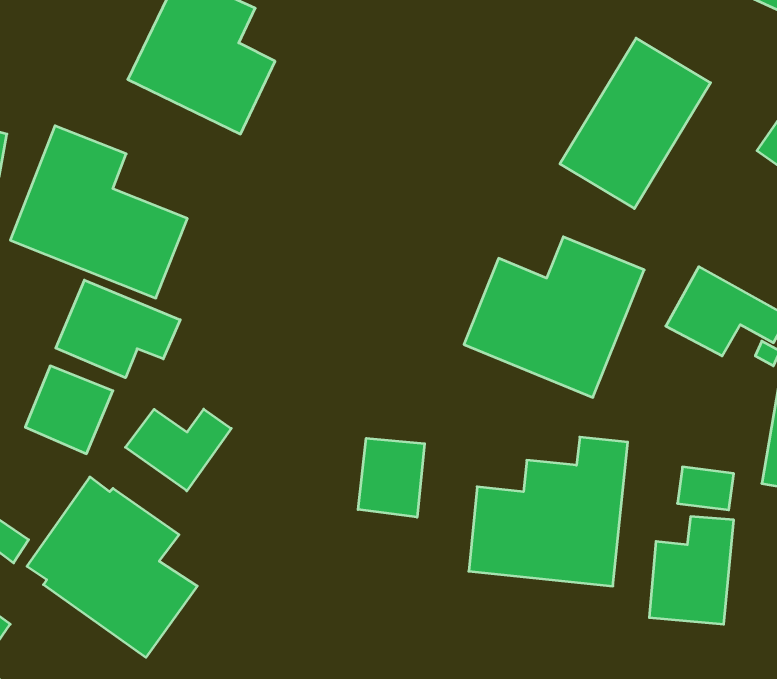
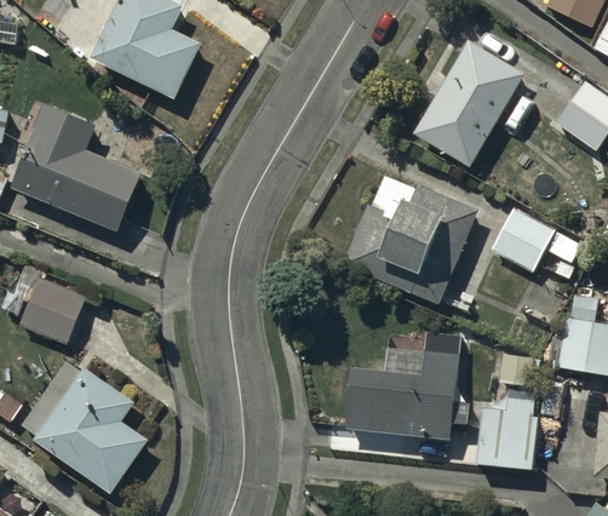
building: [56,280,180,378] -> none
building: [125,409,231,491] -> none
building: [358,438,425,517] -> none

